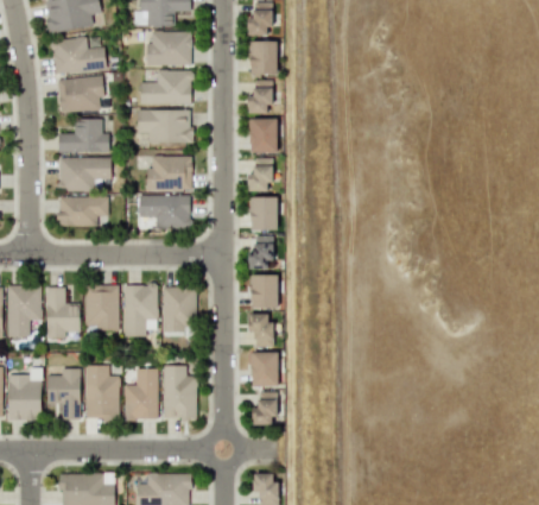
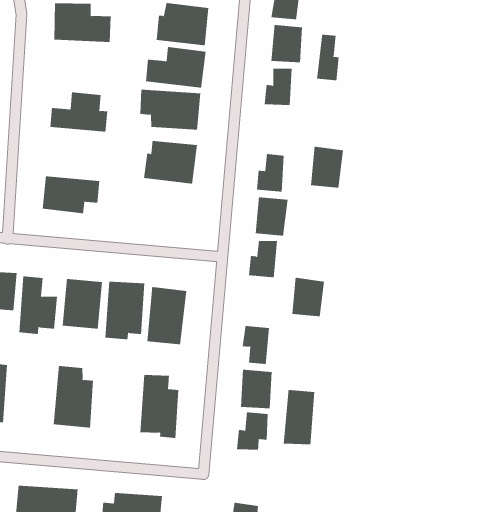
building: none -> [317,34,339,81]
building: [57,76,104,113] -> none
building: [251,118,278,153] -> [310,146,344,188]
building: [58,157,110,191] -> none
building: [138,195,190,228] -> none
building: [252,274,279,308] -> [291,277,325,317]
building: none -> [283,389,315,445]
building: [46,368,81,419] -> none
building: [125,368,159,419] -> none

